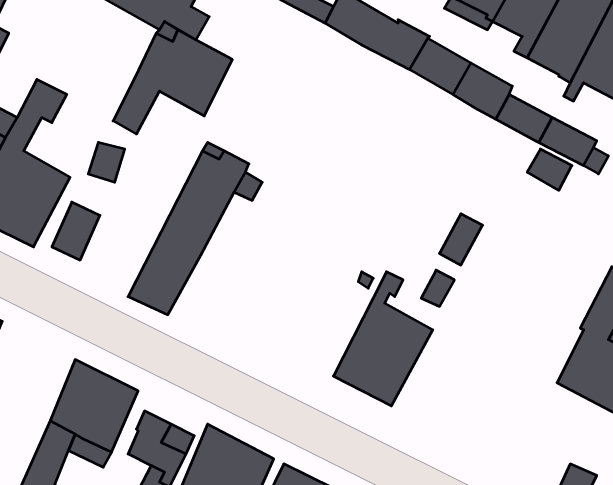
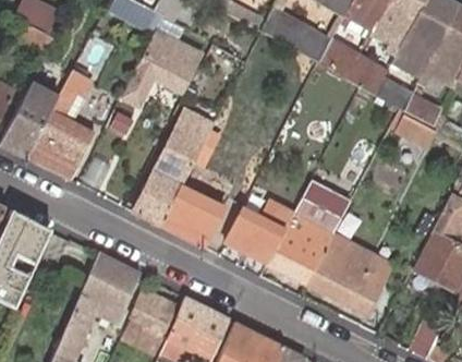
building: none -> [159,185,224,249]
building: none -> [226,201,294,265]
building: none -> [306,234,394,316]

